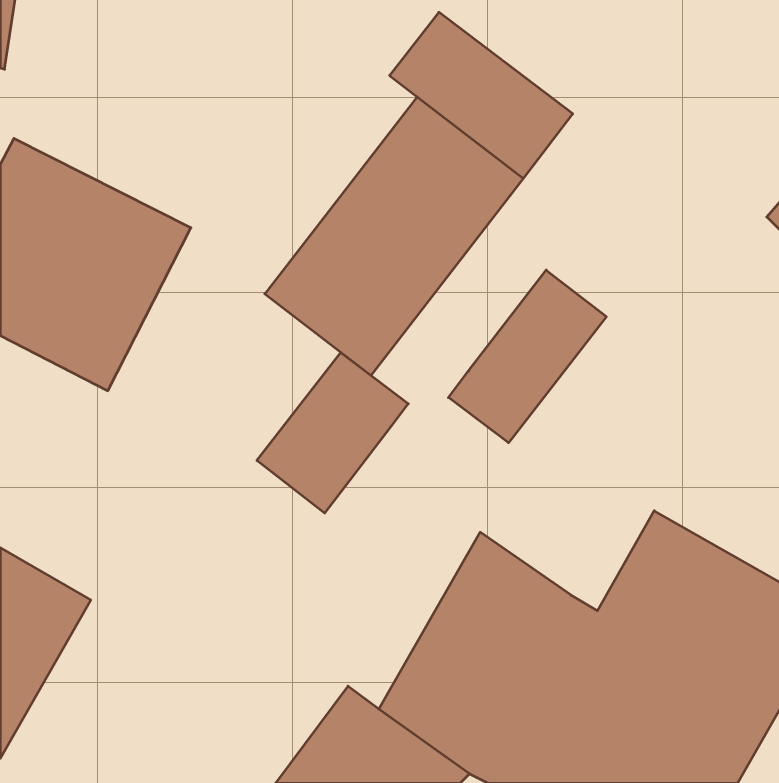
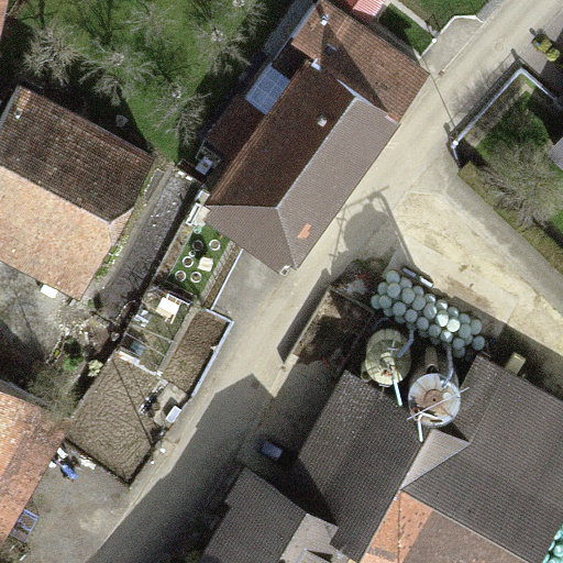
building: [448,270,606,443] -> none
building: [257,353,408,513] -> none

